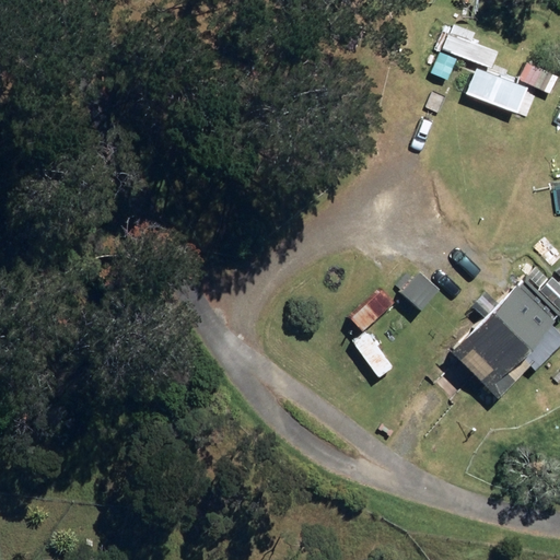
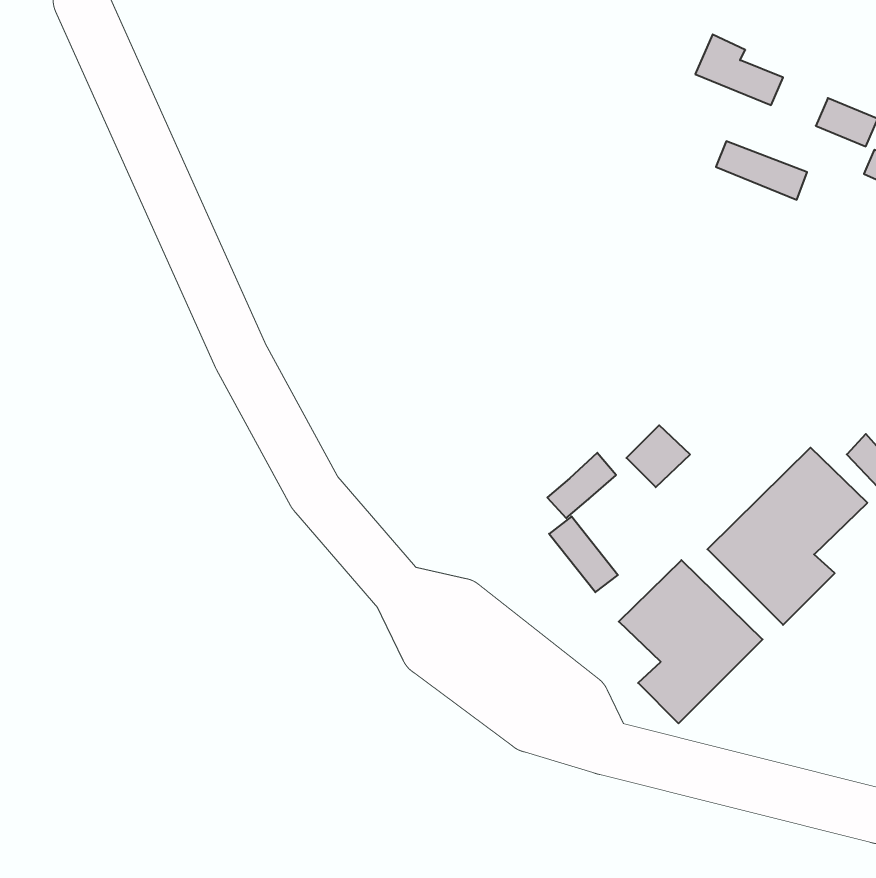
building: none -> [619,560,763,723]

